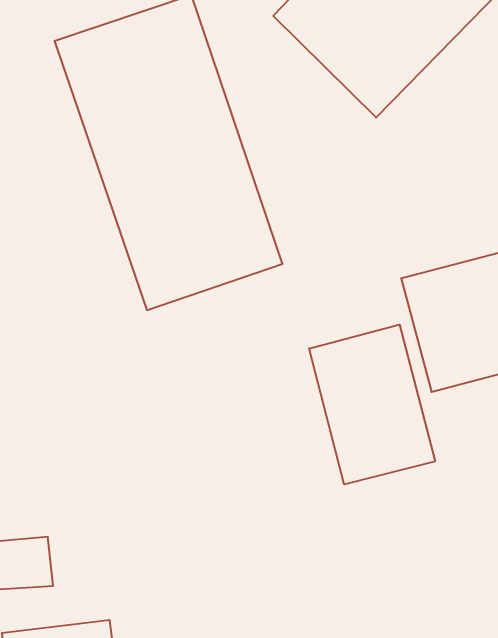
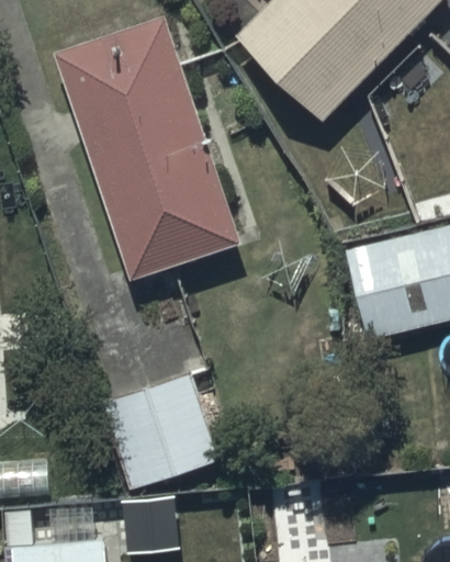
building: [309,325,435,484] -> none
building: none -> [101,372,223,491]

